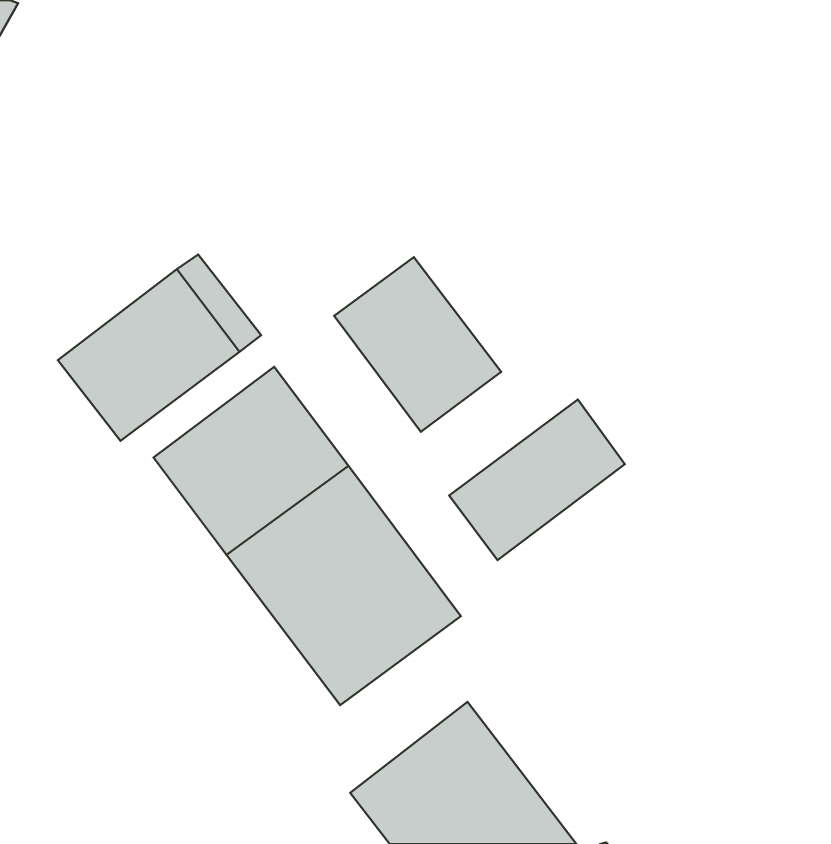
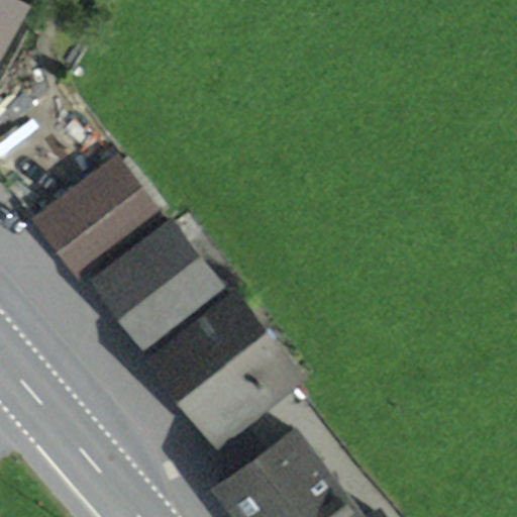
building: [334,257,501,432] -> none
building: [449,400,625,560] -> none

